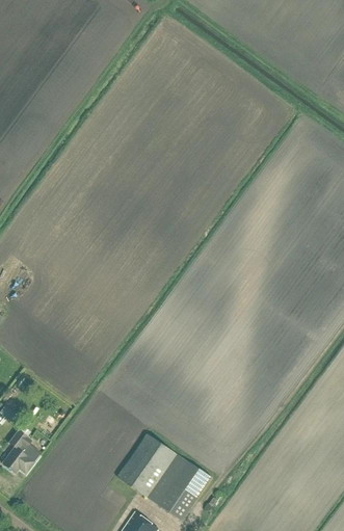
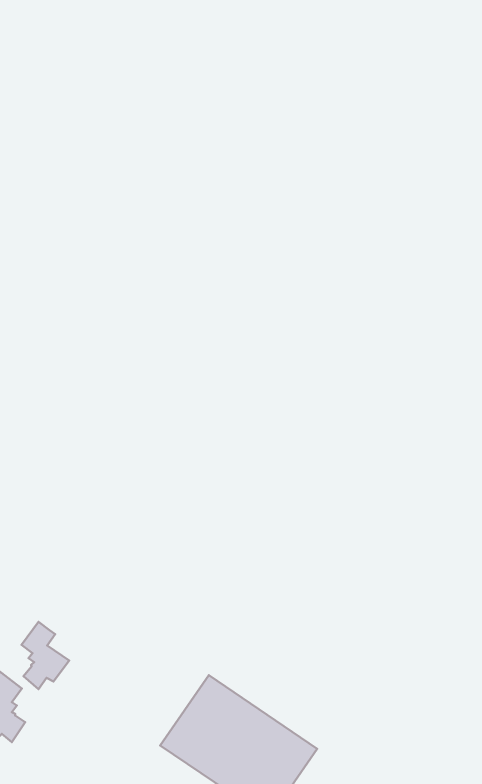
building: none -> [22,622,69,689]

